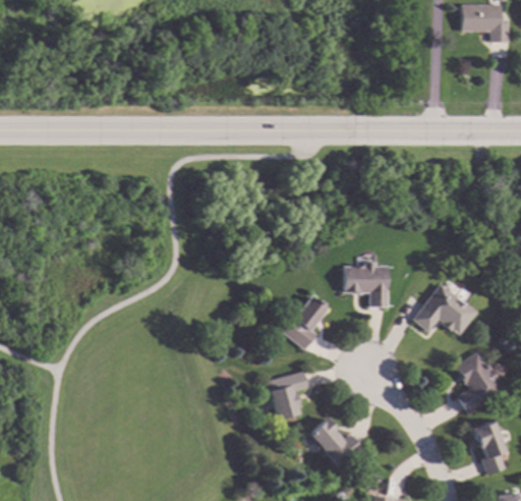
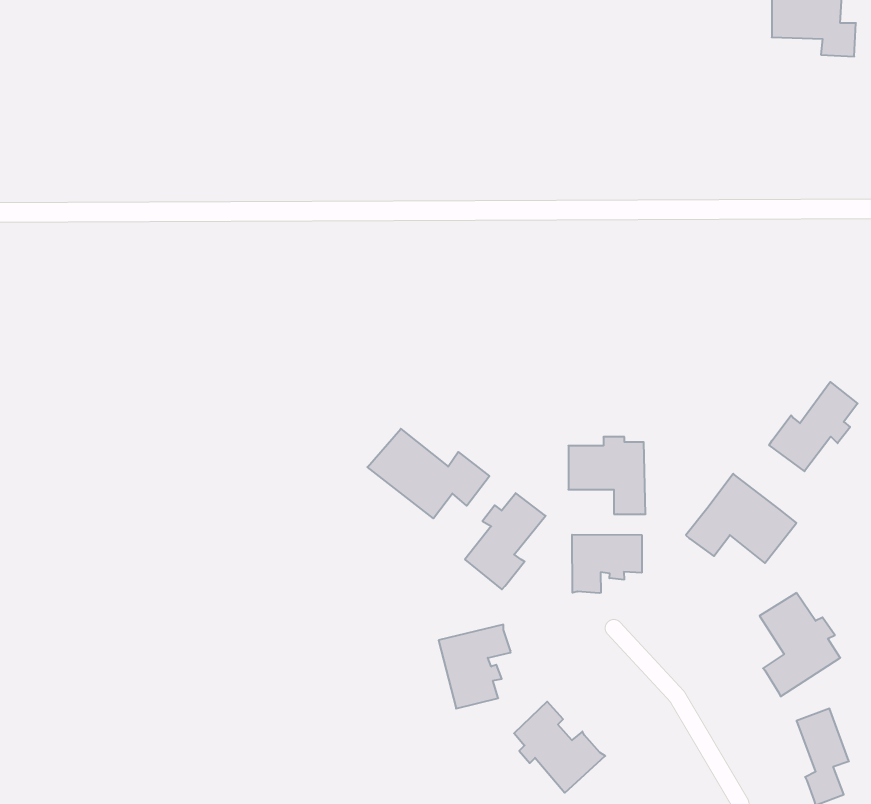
building: none -> [769,382,858,471]
building: none -> [367,429,489,518]
building: none -> [572,535,642,593]

